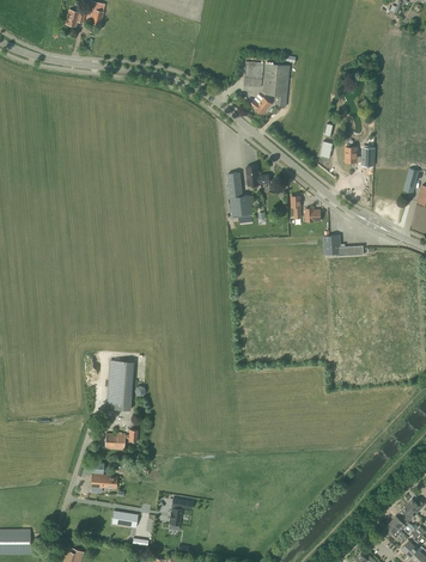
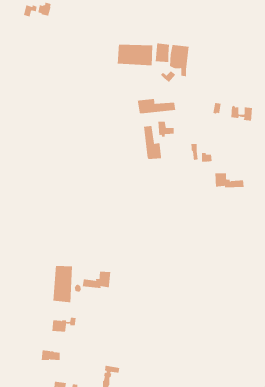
building: none -> [117,44,153,66]
building: none -> [137,98,176,114]
building: none -> [82,271,111,289]

